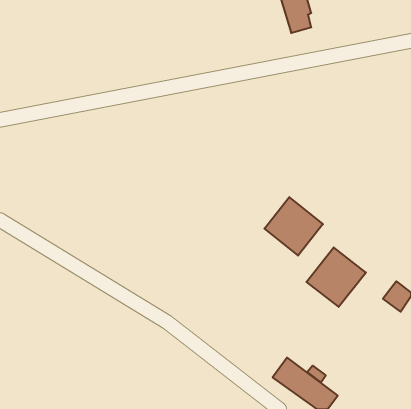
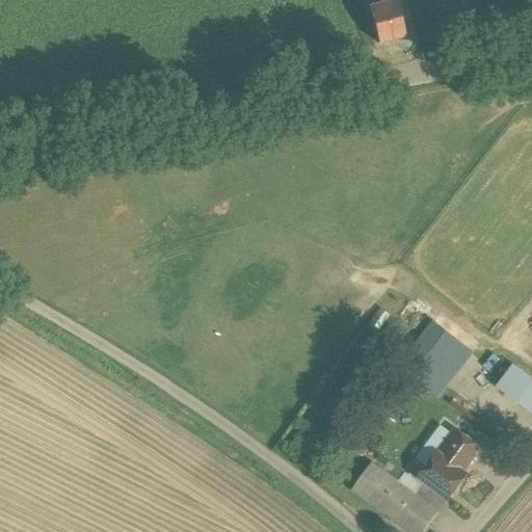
building: [264,197,323,256] -> none
building: none -> [417,428,481,499]

